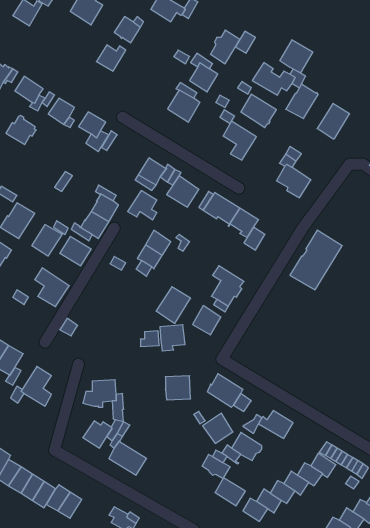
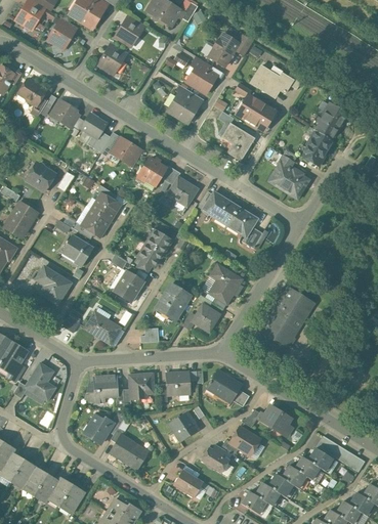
building: none -> [48,18,73,49]
building: [280,40,313,73] -> none
building: [286,84,318,119] -> [300,131,332,165]
building: [6,115,36,145] -> [26,163,55,191]
building: [128,191,157,220] -> [108,138,136,167]
building: [32,225,62,256] -> none
building: [290,230,342,290] -> [261,288,312,346]
building: none -> [115,270,143,303]
building: none -> [85,313,120,344]
building: [160,325,185,351] -> [128,374,153,399]
building: [203,413,233,443] -> [168,411,198,441]
building: [215,478,245,506] -> [173,470,203,497]

